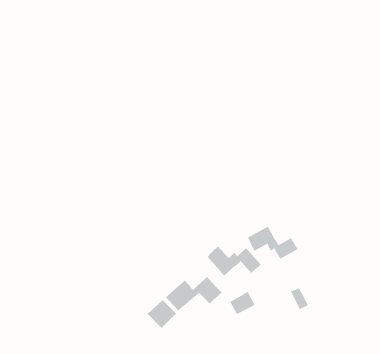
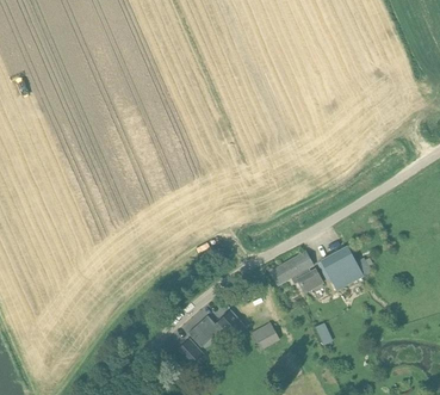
building: none -> [321,245,371,289]
building: [207,246,262,276] -> none

